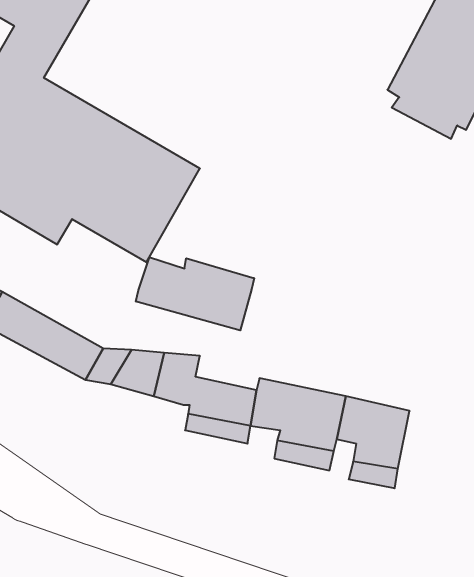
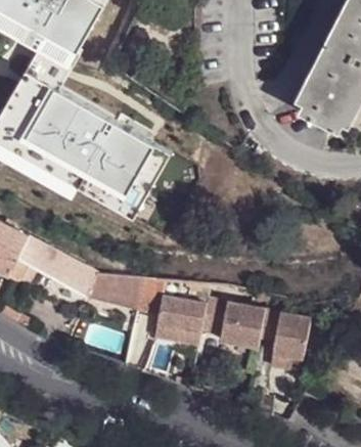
building: [136,257,254,330] -> none

